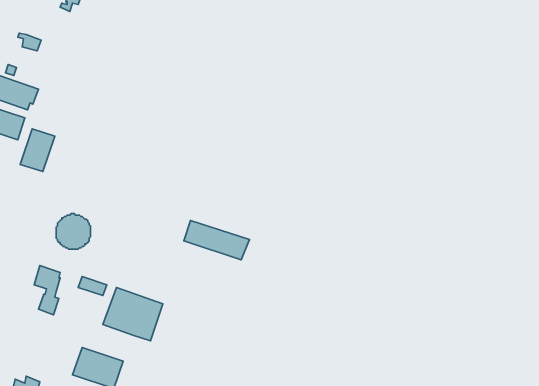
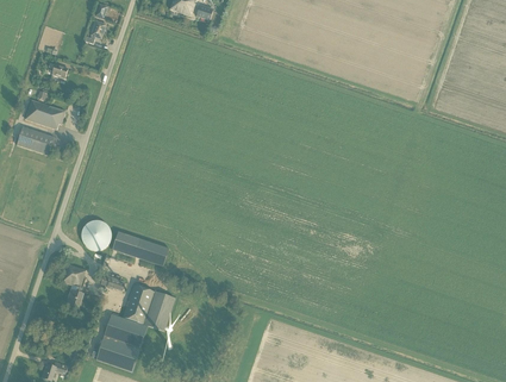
building: [20,129,55,172] -> none
building: [184,220,249,260] -> [112,231,169,265]
building: none -> [104,312,148,347]

